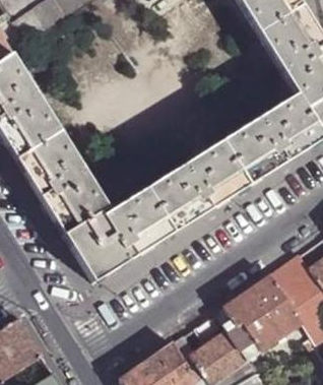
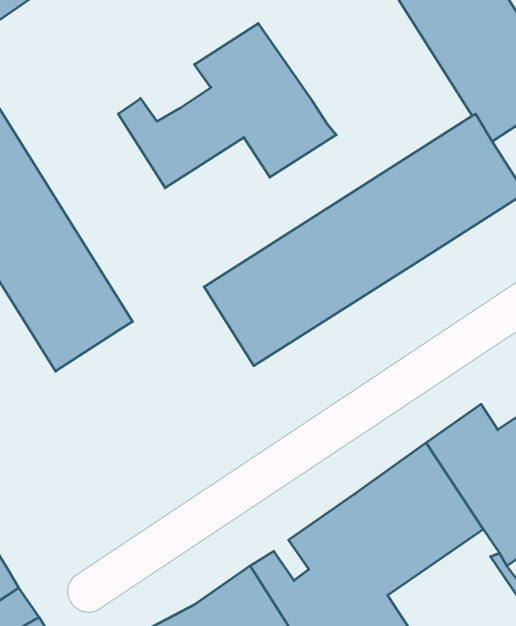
building: none -> [118,23,336,188]
building: [65,187,175,280] -> none

